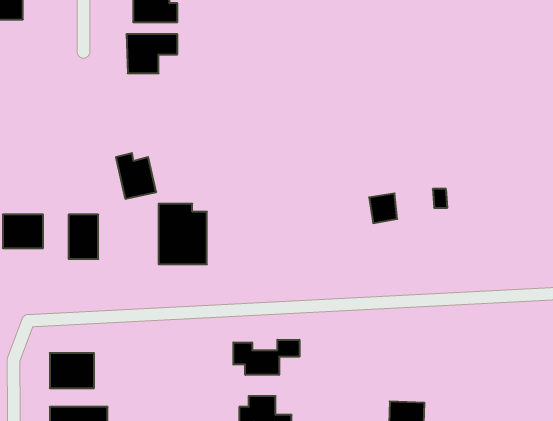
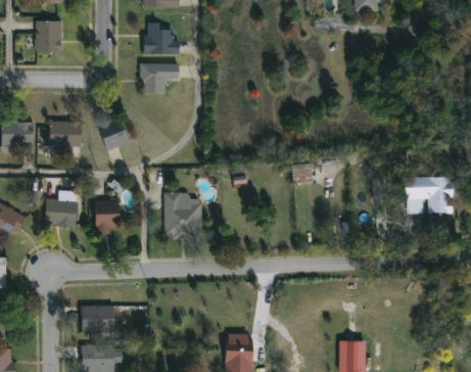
building: none -> [49,122,80,145]
building: [116,153,156,199] -> [97,114,128,149]
building: none -> [408,177,453,213]
building: [369,193,397,223] -> [290,162,312,185]
building: [233,340,299,375] -> none

